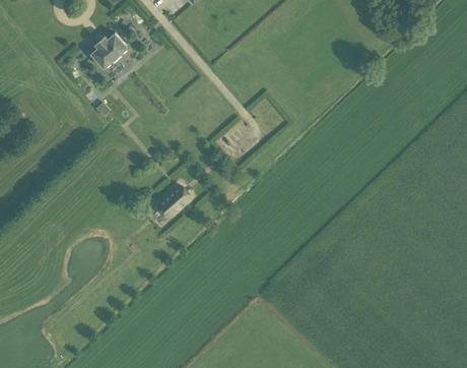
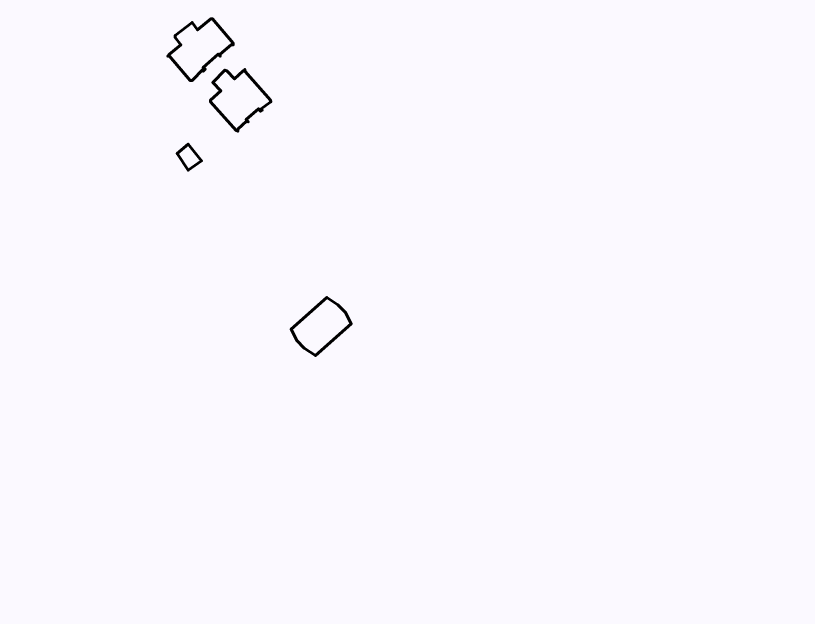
building: none -> [210,70,271,131]

